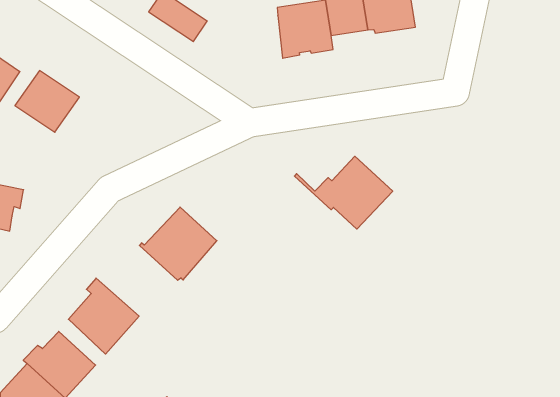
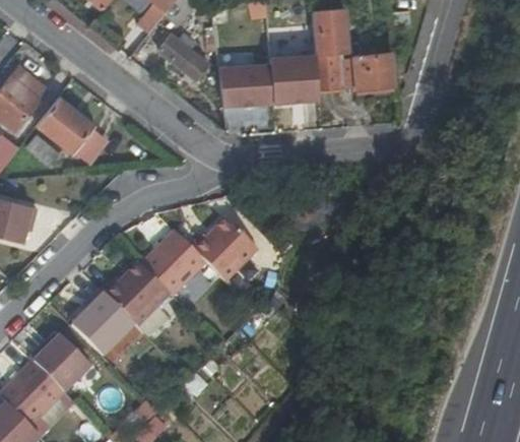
building: none -> [221,67,273,110]
building: [294,156,393,229] -> [176,215,261,279]
building: none -> [99,261,170,324]

